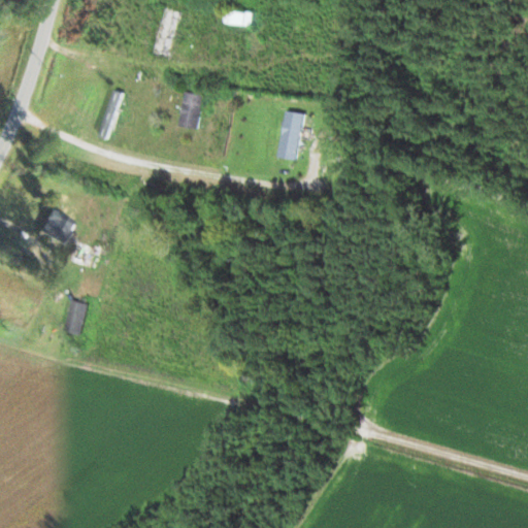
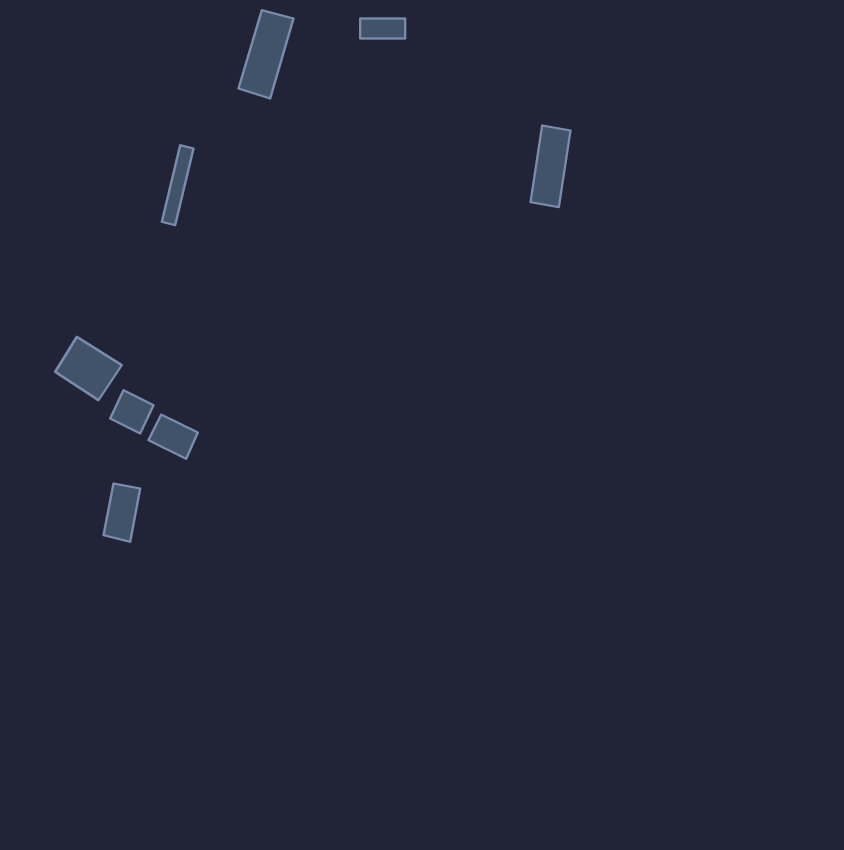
building: [178,92,203,128] -> none
building: [278,109,303,160] -> [531,125,571,207]
building: none -> [149,415,198,459]

